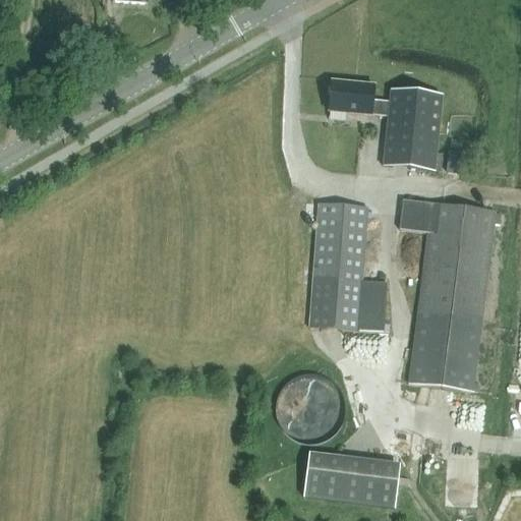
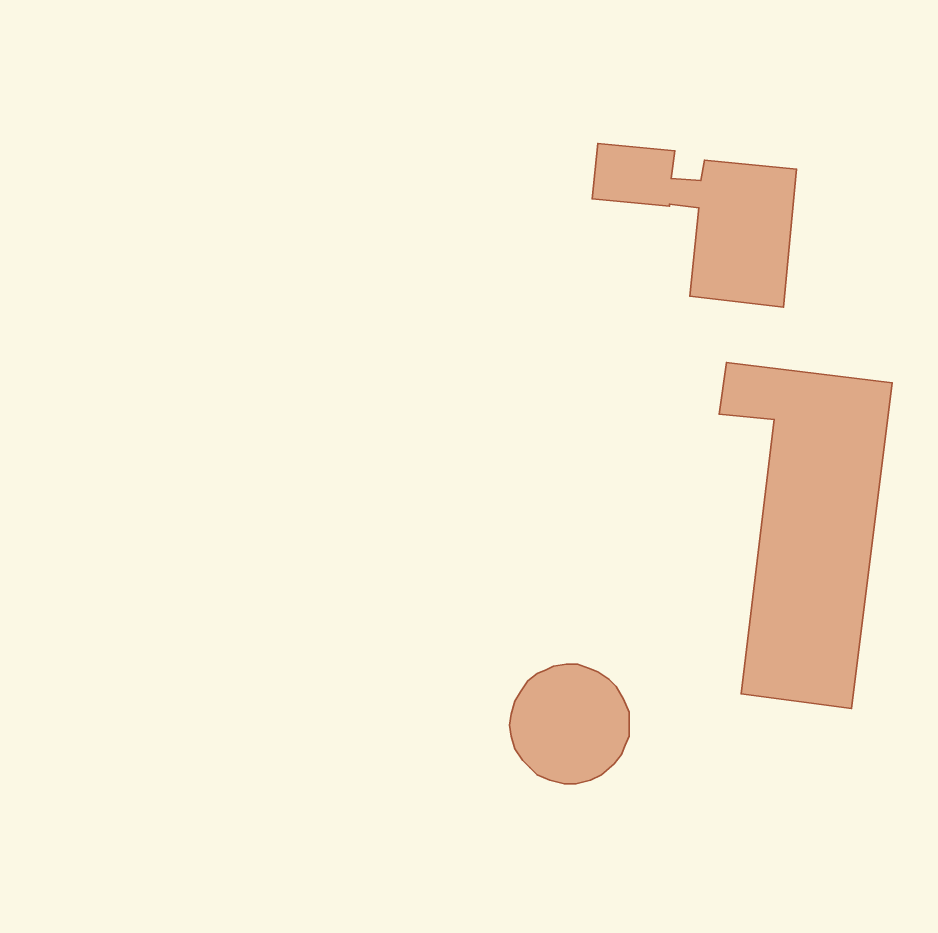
building: [309,204,390,333] -> none
building: [305,450,402,505] -> none

